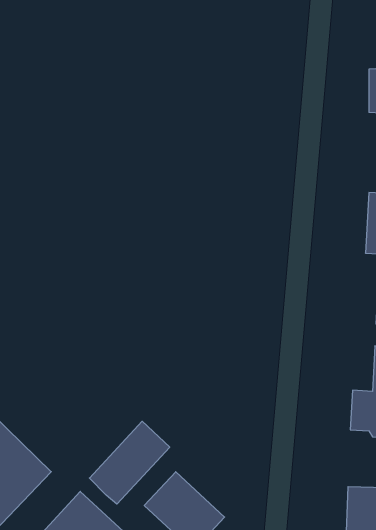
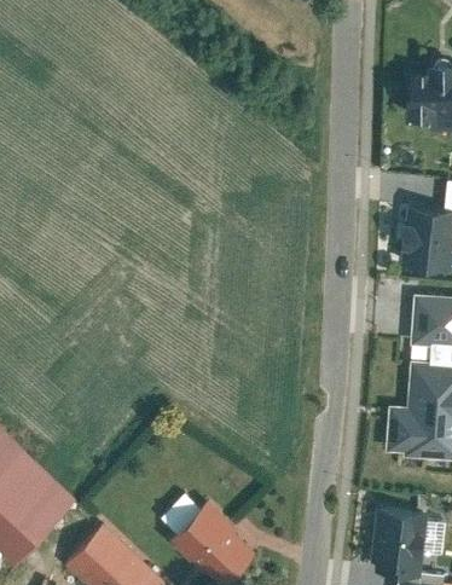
building: [89,421,170,504] -> none

